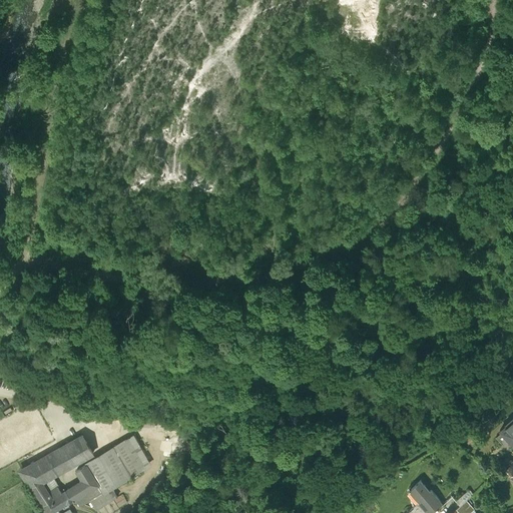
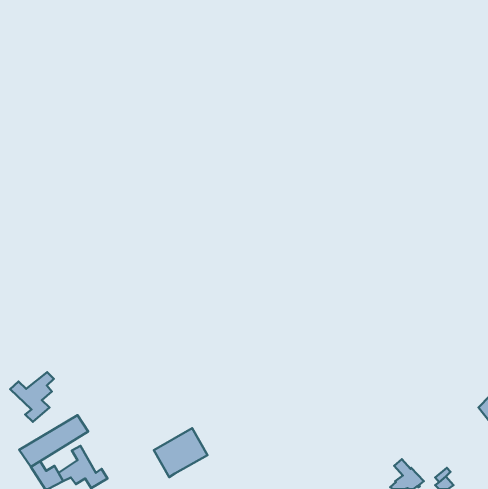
building: none -> [10,372,54,422]
building: [86,443,142,494] -> [154,428,208,477]

